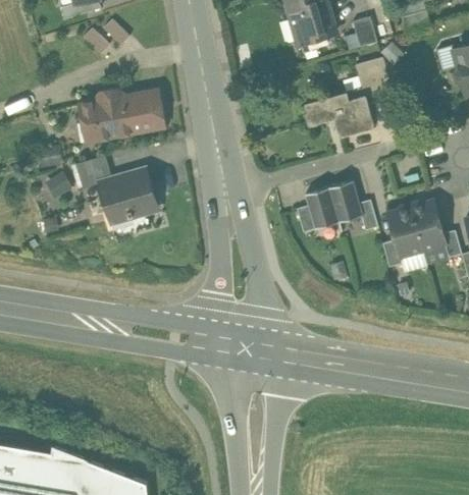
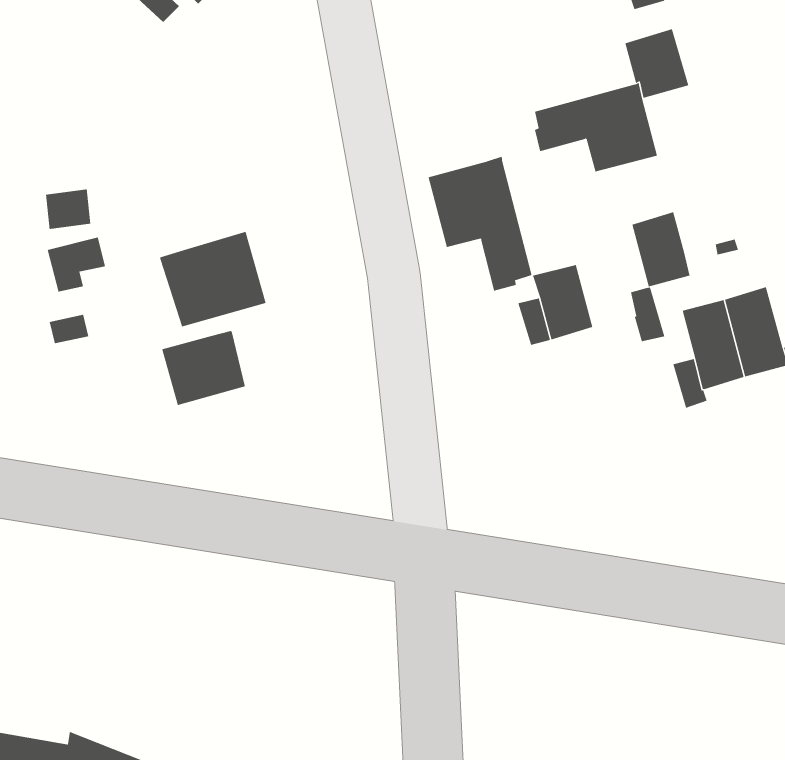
building: [77,88,166,141] -> none
building: none -> [428,156,532,292]
building: [75,156,112,188] -> none
building: [329,180,362,222] -> [631,212,691,287]
building: none -> [162,330,245,406]

